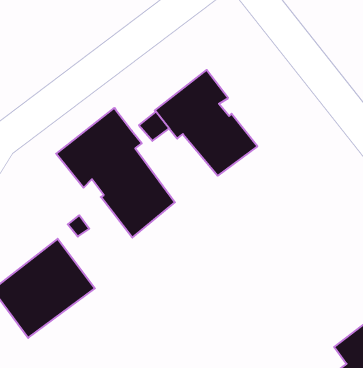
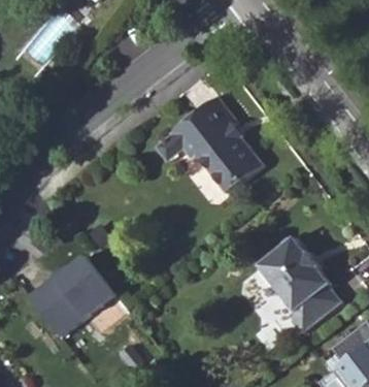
building: [56,108,175,238] -> none
building: none -> [259,236,341,333]

